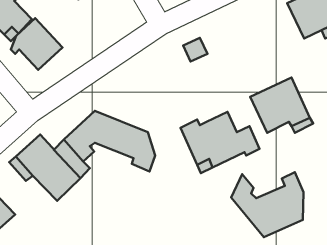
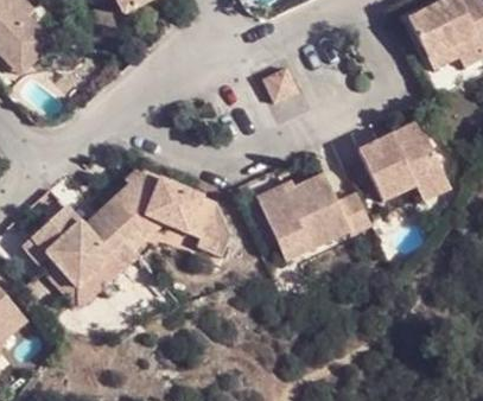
building: [11,18,62,70] -> none
building: [231,172,303,237] -> none

